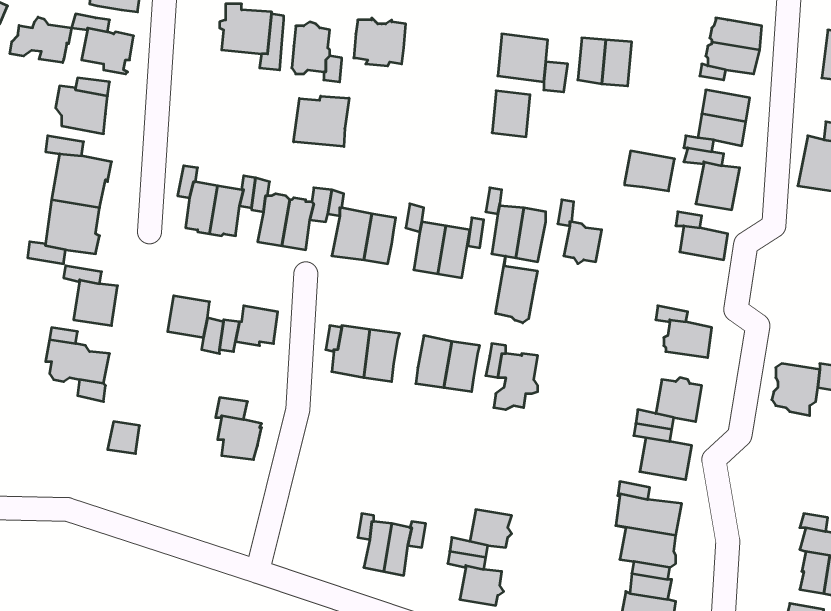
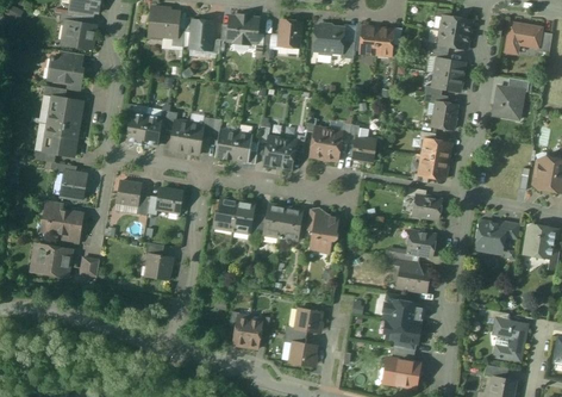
building: [10,17,72,63] -> none
building: [492,91,530,137] -> [279,20,301,48]
building: [294,96,349,147] -> none
building: [625,151,675,191] -> [418,155,448,179]
building: [496,256,537,323] -> none
building: none -> [36,244,73,274]

